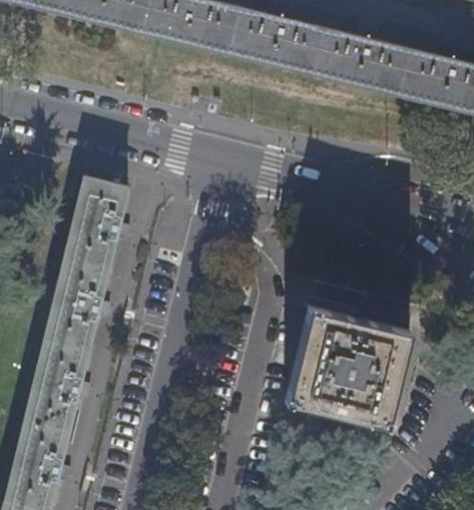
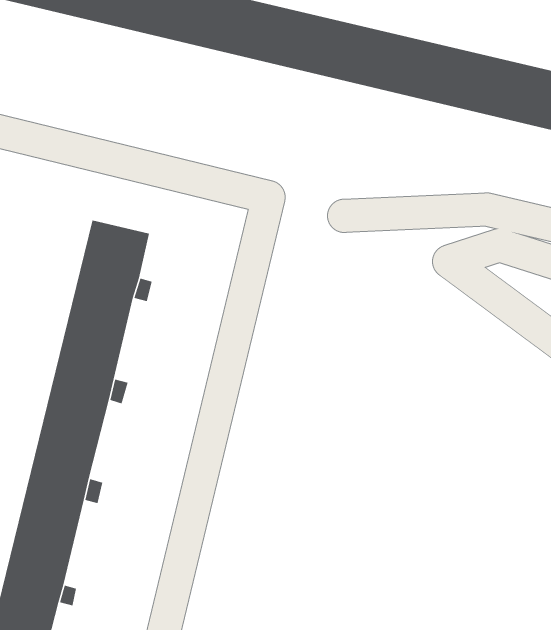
building: [286,306,410,427] -> none

